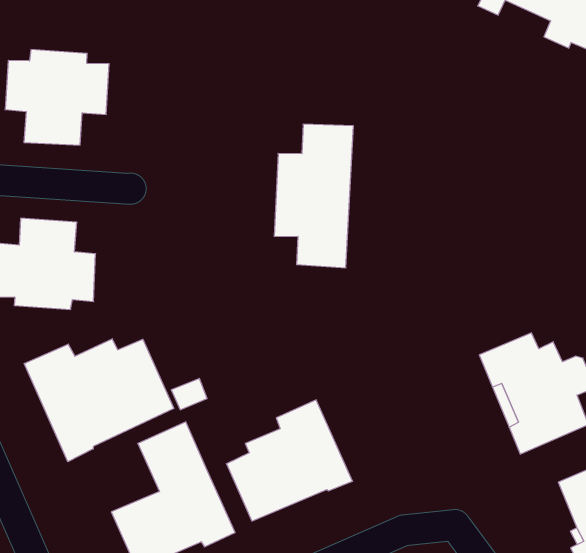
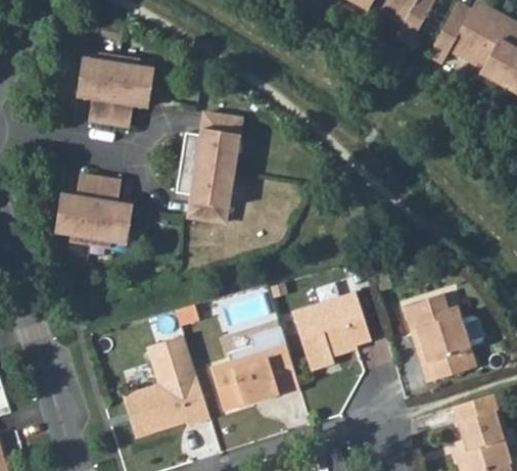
building: [274,124,353,268] -> [173,111,239,220]
building: [24,339,174,462] -> none
building: none -> [292,294,371,372]

